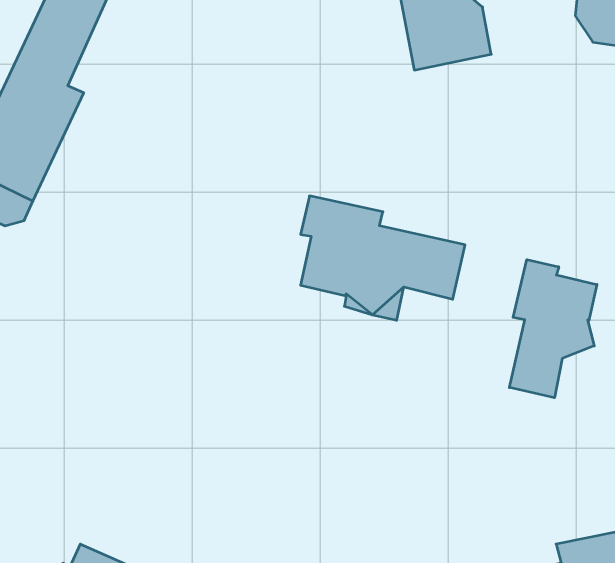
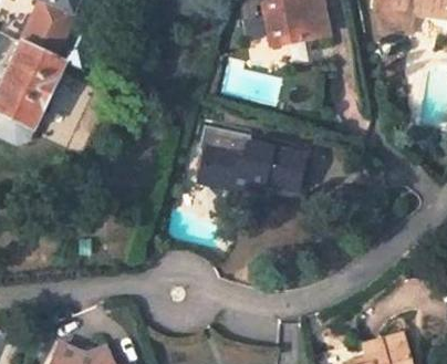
building: [509,260,597,398] -> none

